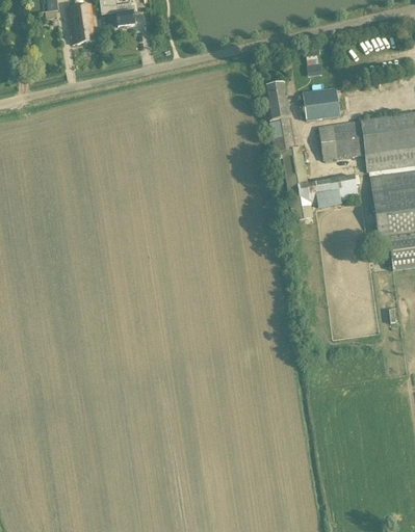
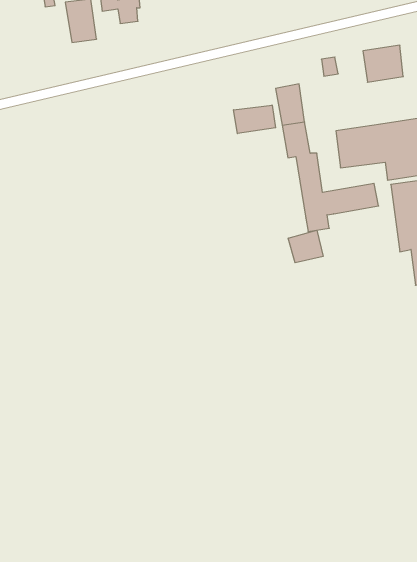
building: [303,86,340,121] -> [363,45,403,82]
building: none -> [234,105,276,134]
building: none -> [288,230,323,263]

